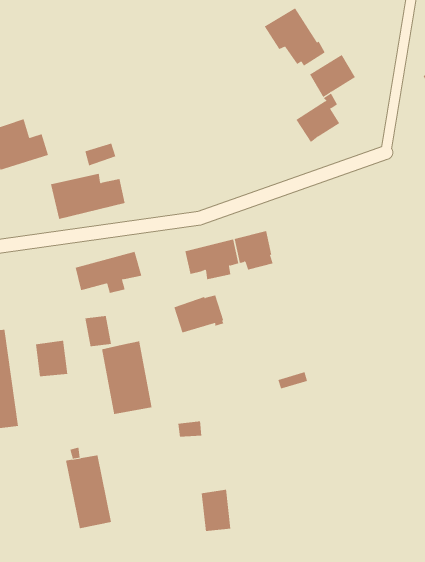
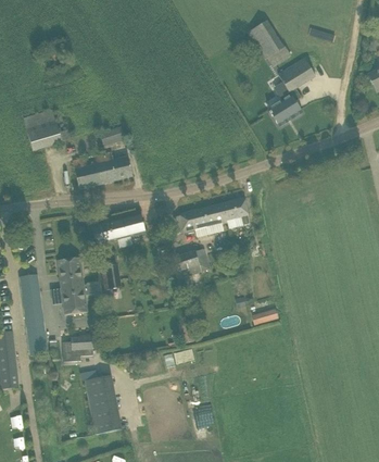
building: none -> [58,257,84,287]
building: [102,341,152,415] -> none
building: none -> [62,334,92,361]

